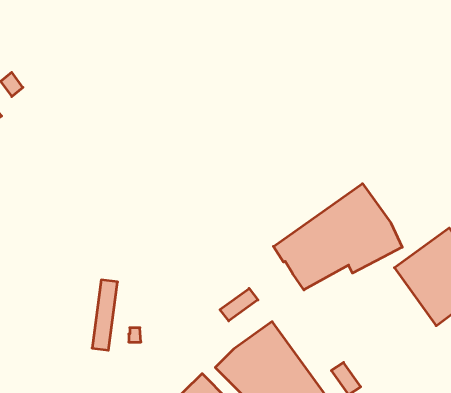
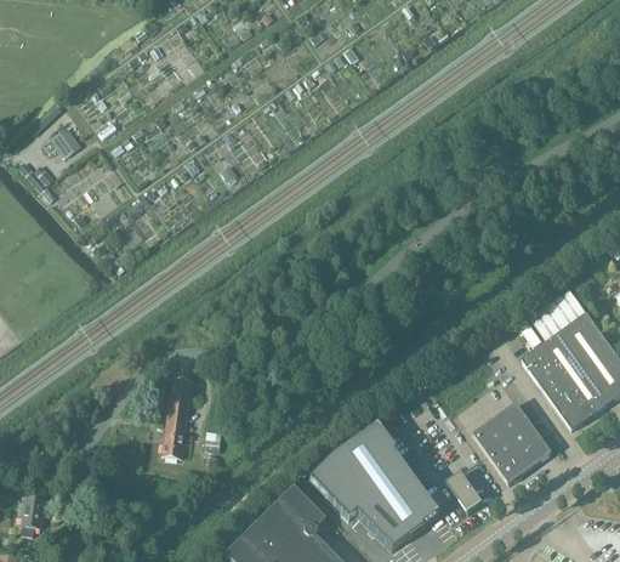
building: [273,184,402,290] -> none
building: [220,288,258,321] -> none
building: none -> [473,402,552,483]

